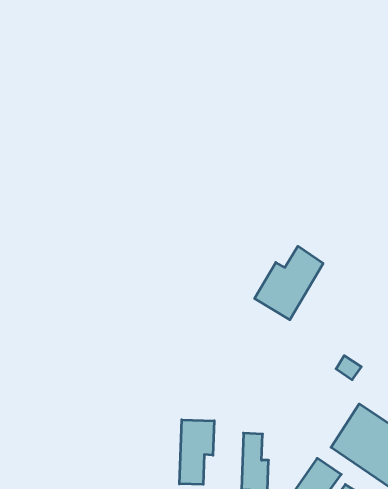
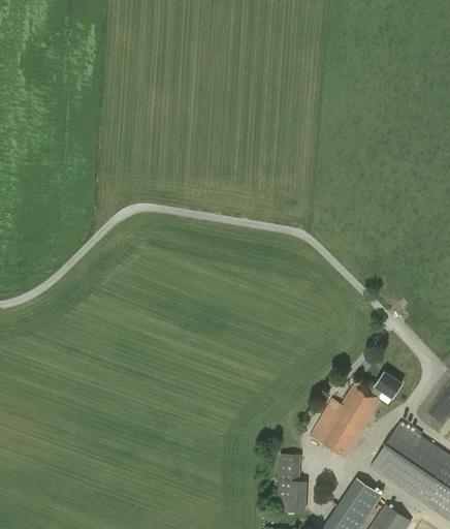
building: [255,246,323,320] -> [310,382,380,458]
building: [179,420,214,484] -> none

